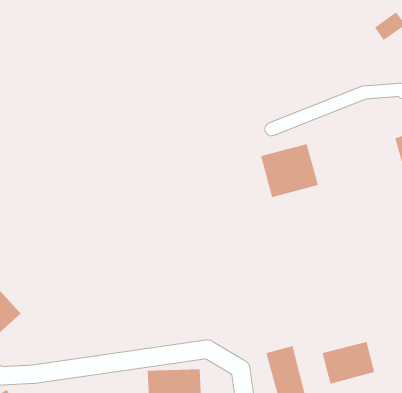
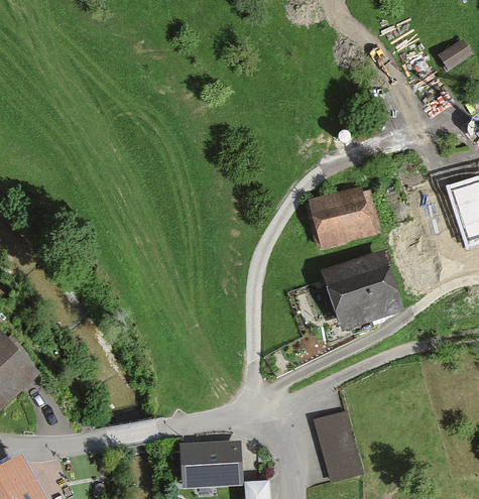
building: none -> [328,258,399,319]
building: [322,341,375,385] -> none

